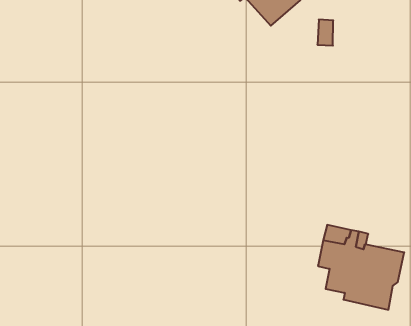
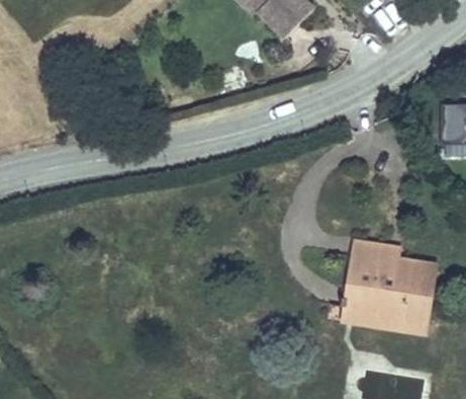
building: none -> [339,284,425,332]

